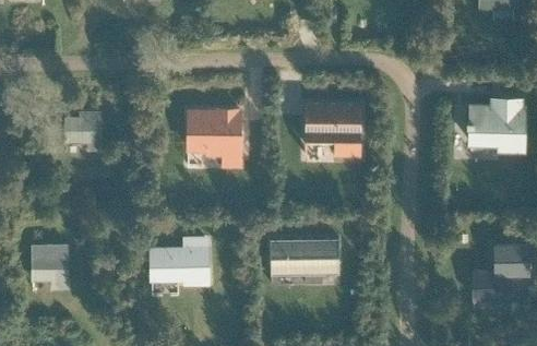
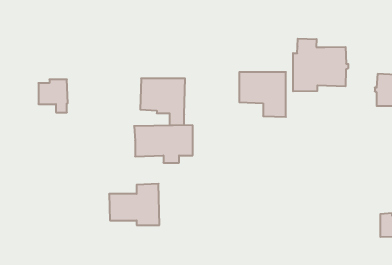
building: none -> [293,39,348,91]
building: [268,239,338,284] -> [134,125,193,163]
building: [32,246,67,290] -> none

